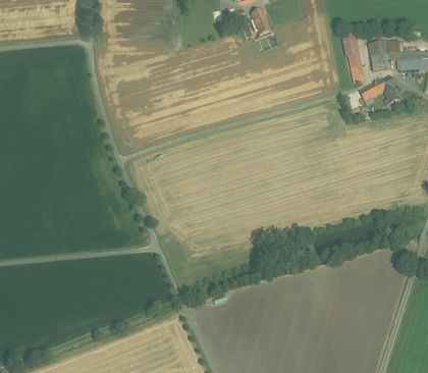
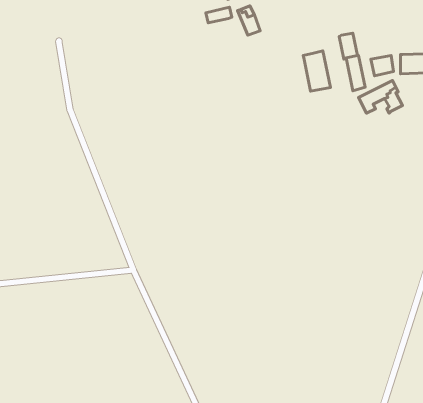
building: [369,41,399,61] -> none
building: none -> [303,51,330,91]

